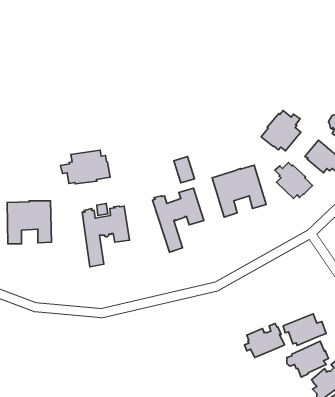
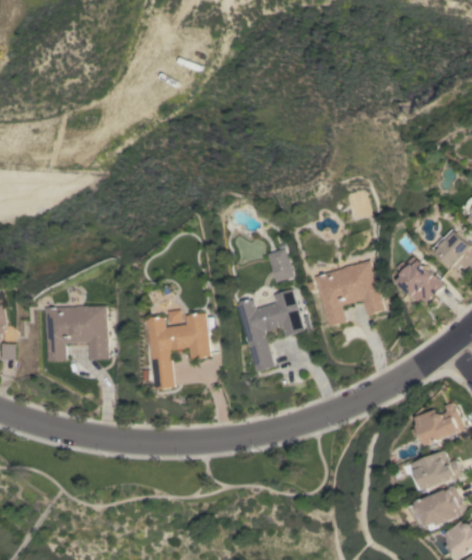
building: [261,111,301,151] -> none
building: [60,150,110,184] -> none
building: [244,323,285,358] -> [413,402,464,446]

